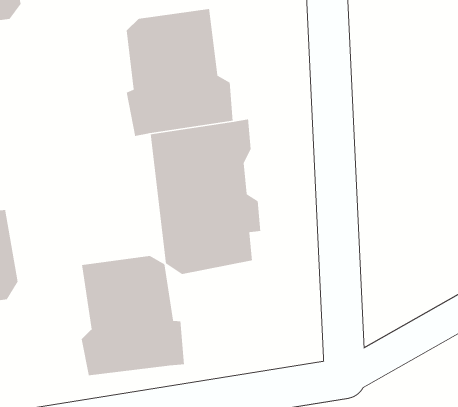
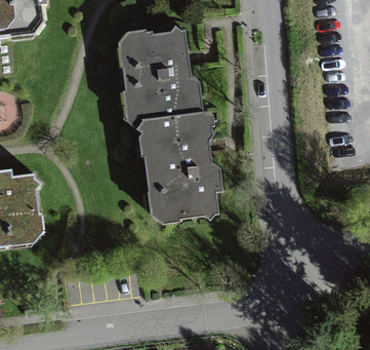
building: [81,255,185,376] -> none

